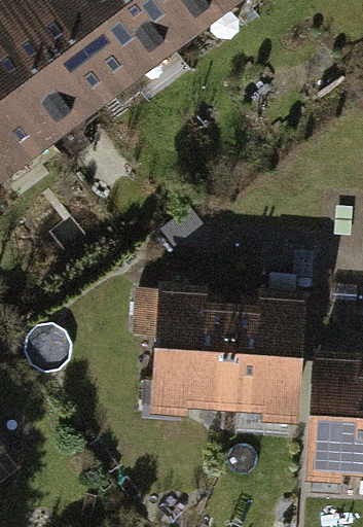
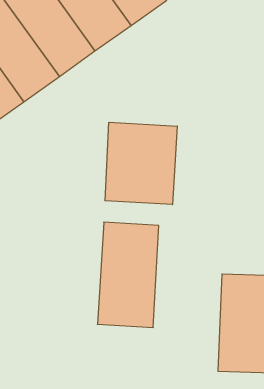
building: none -> [105,122,177,205]
building: [221,293,304,427] -> none

